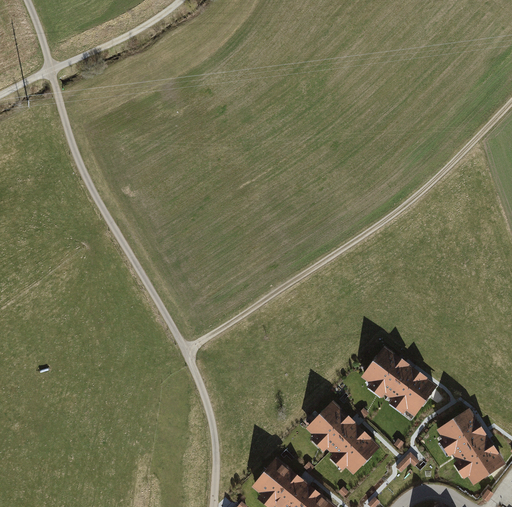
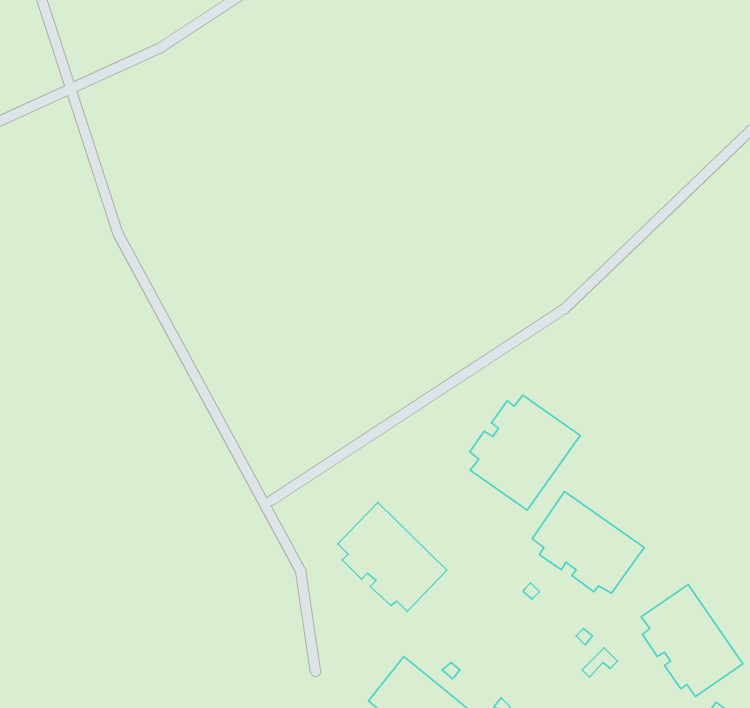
building: none -> [470,395,580,510]
building: [306,400,380,474] -> [338,503,447,612]

